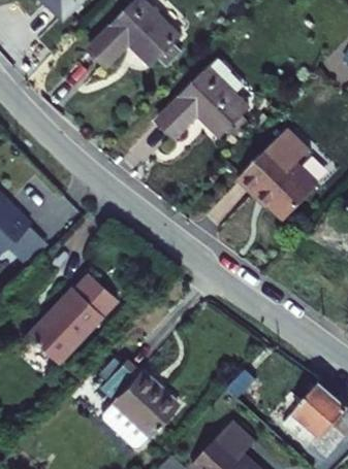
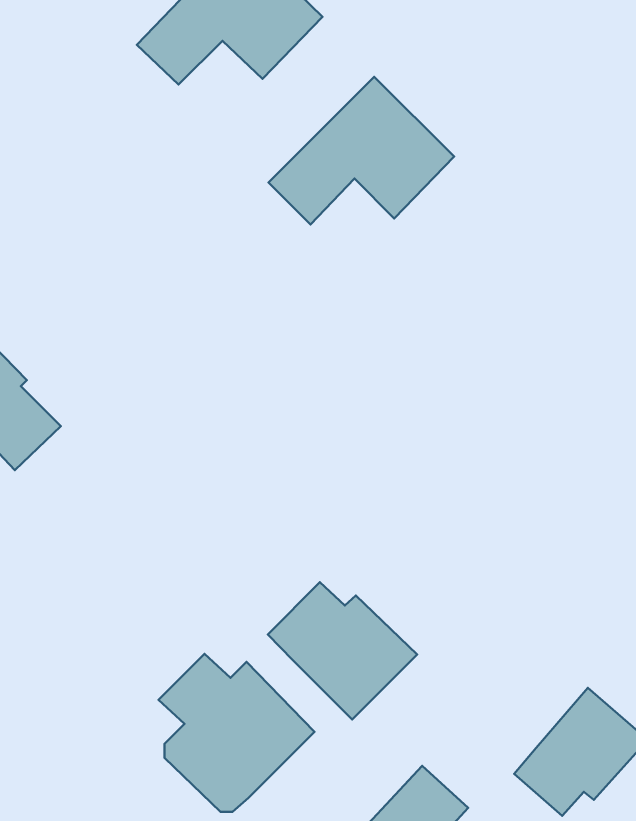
building: [238,127,321,223] -> none
building: [23,270,117,364] -> none
building: none -> [268,582,417,719]

